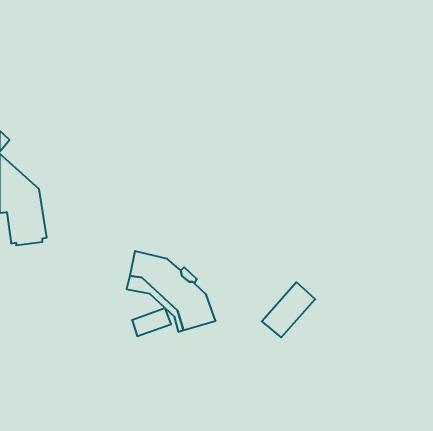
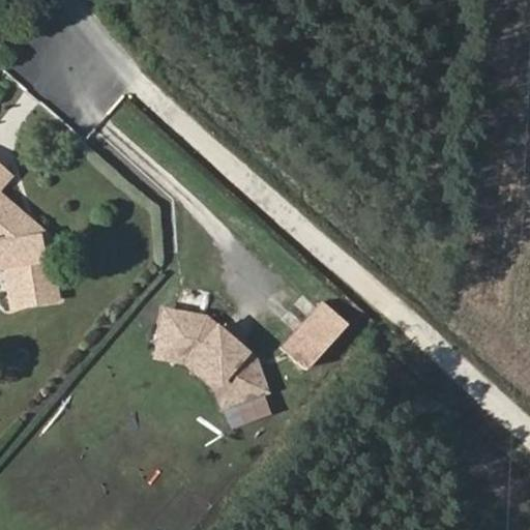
building: [262,282,315,337] -> [281,304,346,372]
building: [132,308,171,336] -> [225,390,272,424]

